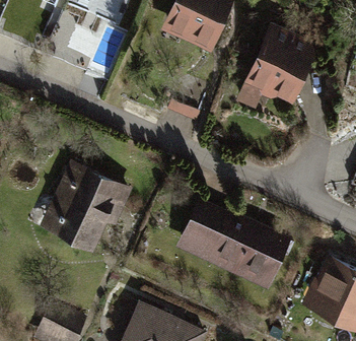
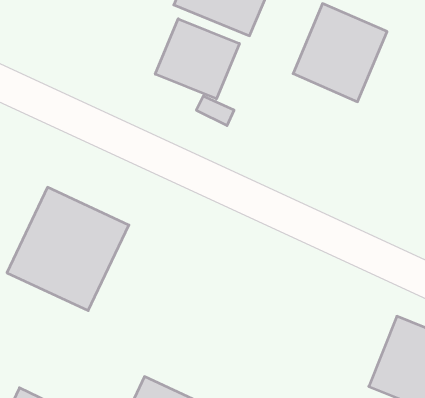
building: none -> [155,19,239,99]
building: [176,212,284,289] -> none

